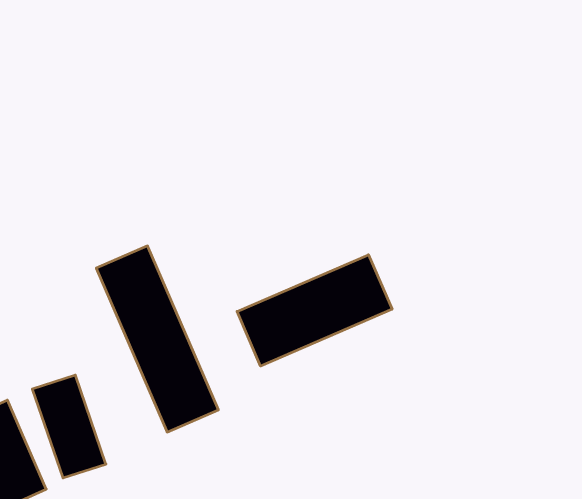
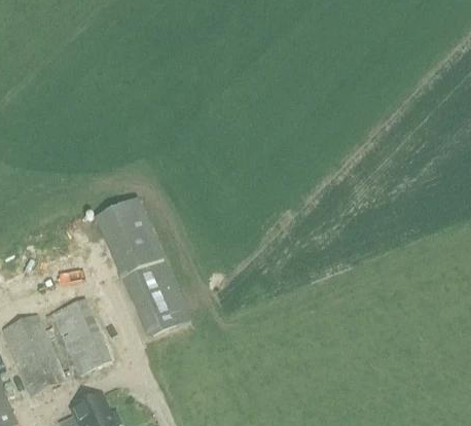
building: [237,255,392,366] -> none

